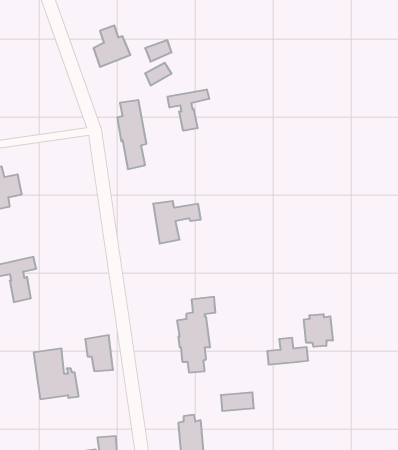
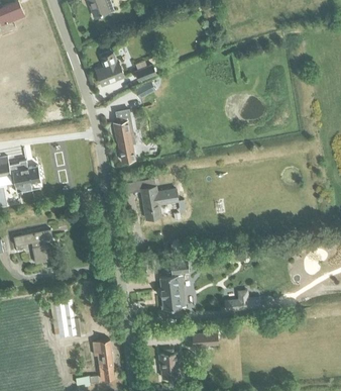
building: [168,89,209,131] -> none
building: [304,314,333,347] -> none
building: [85,335,113,371] -> [92,338,113,366]

